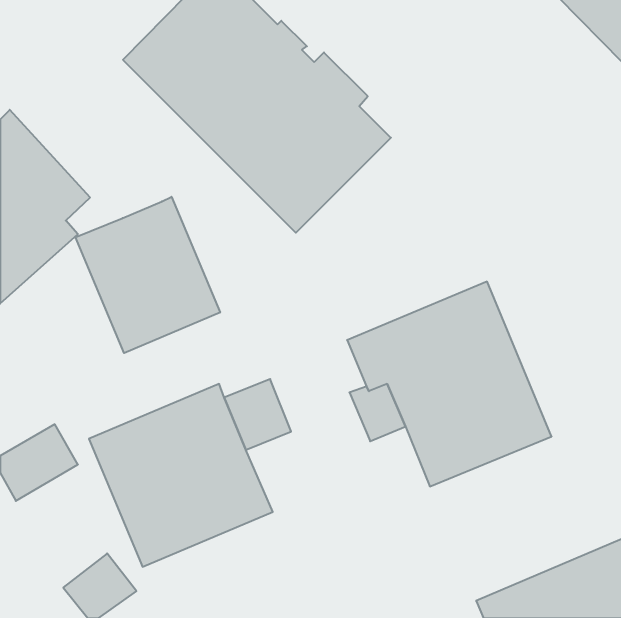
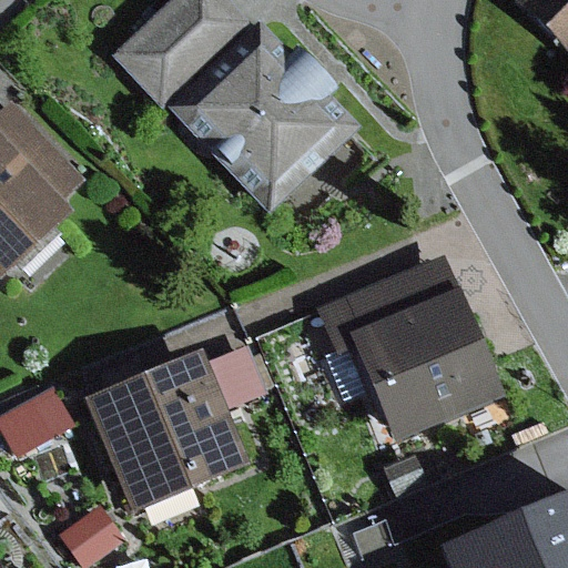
building: [75,197,220,353] -> none

